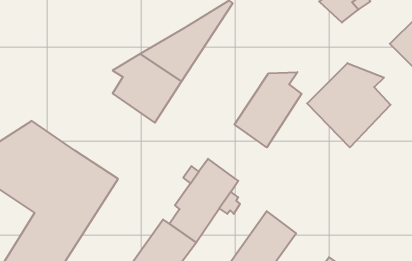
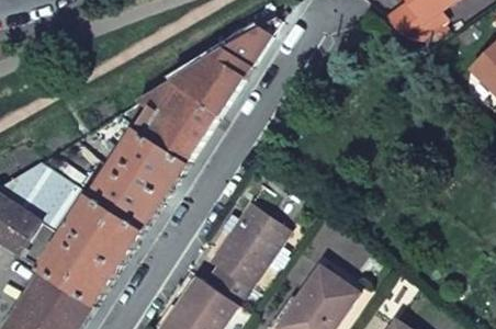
building: [307,63,391,147] -> none
building: [235,72,302,147] -> none
building: none -> [92,126,188,228]

